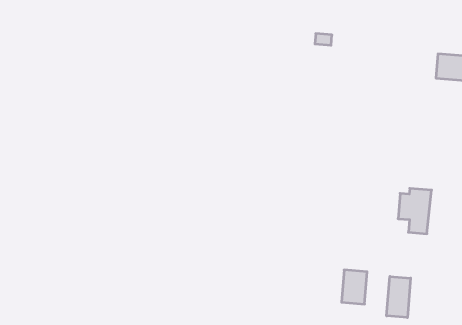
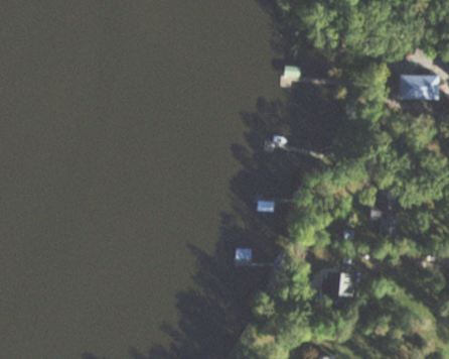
building: [387,276,411,318] -> none

